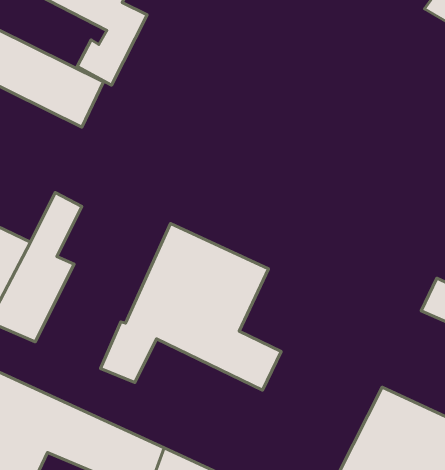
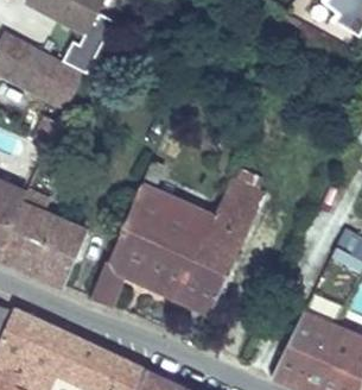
building: none -> [191,182,265,284]
building: none -> [36,218,87,287]

